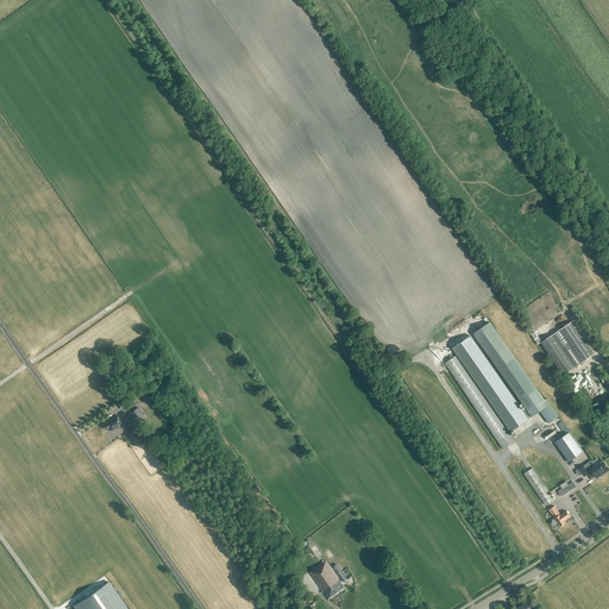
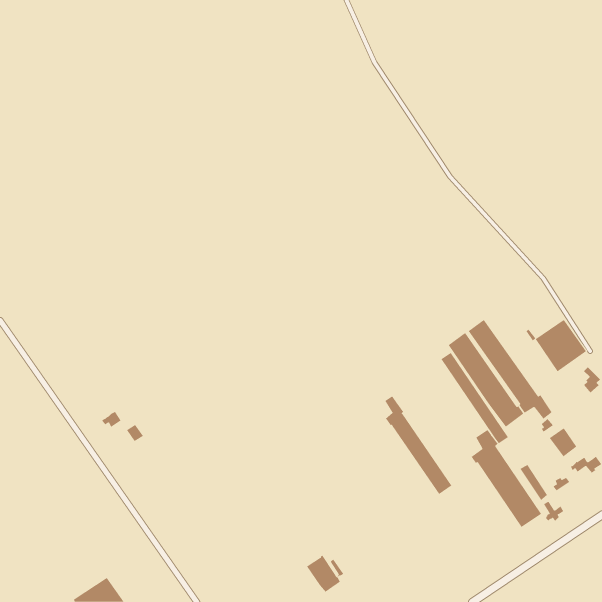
building: none -> [384,396,452,495]
building: none -> [471,429,542,528]

